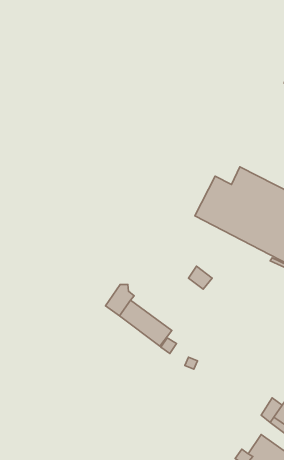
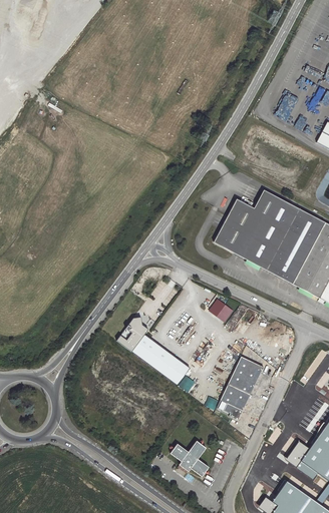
building: none -> [217,357,263,420]
building: none -> [170,442,209,477]

